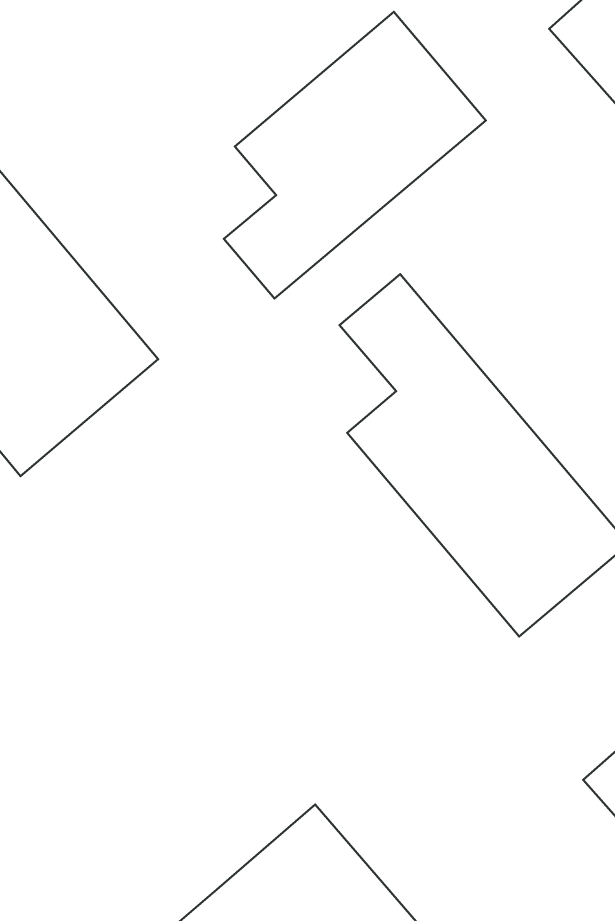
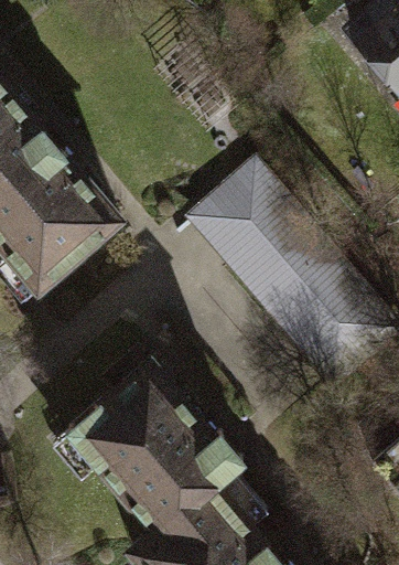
building: [224,12,486,299] -> none
building: none -> [69,364,244,535]

